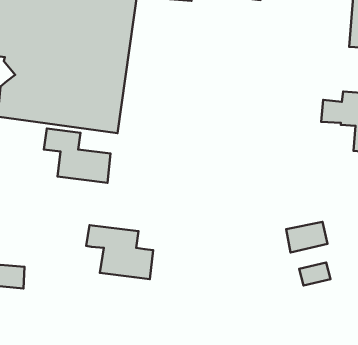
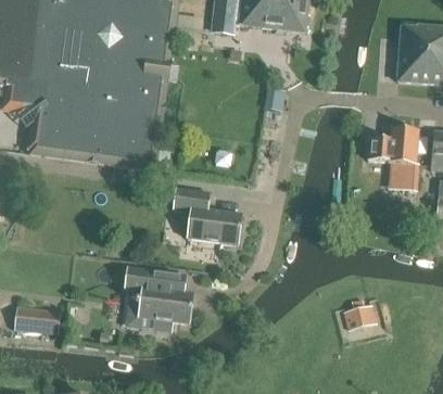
building: [44,128,111,183] -> [172,189,241,245]
building: [286,222,327,252] -> none

